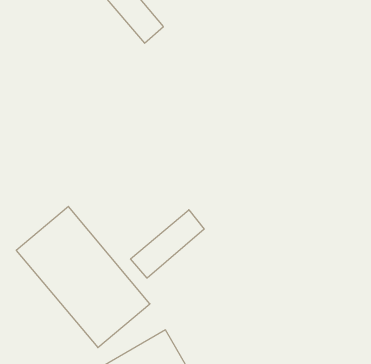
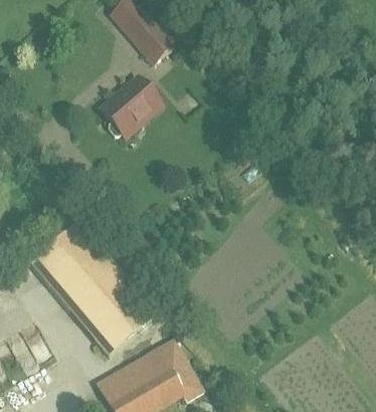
building: none -> [101,77,162,138]
building: [131,210,204,278] -> none

